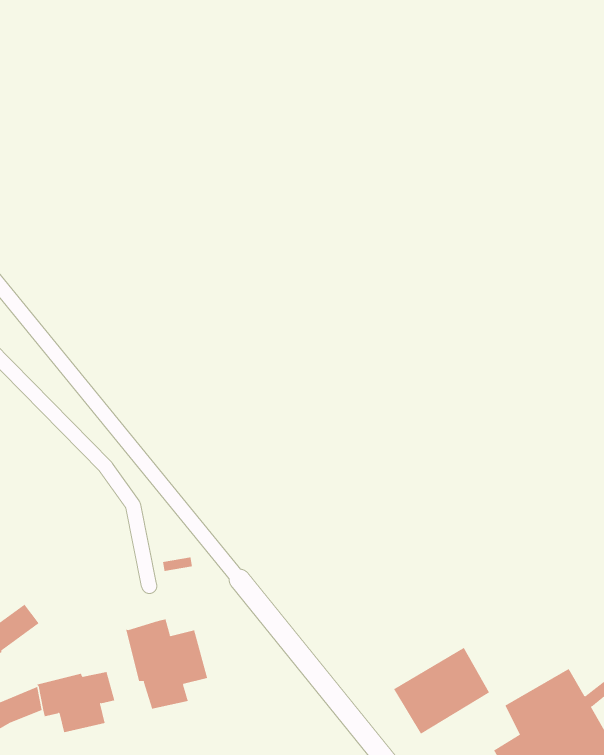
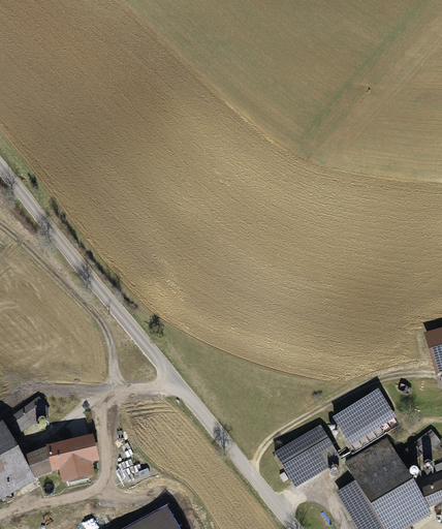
building: none -> [335,391,402,453]
building: [125,619,208,710] -> none

